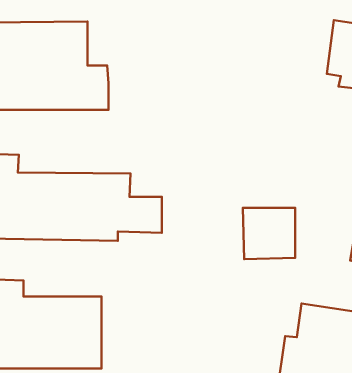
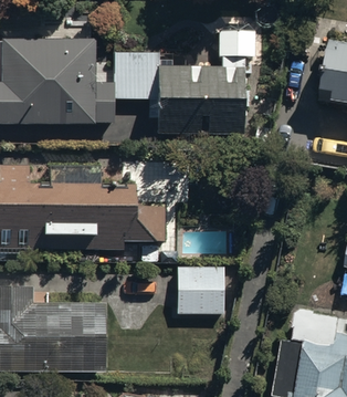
building: none -> [112,30,254,134]
building: [243,208,295,259] -> [174,265,223,314]

